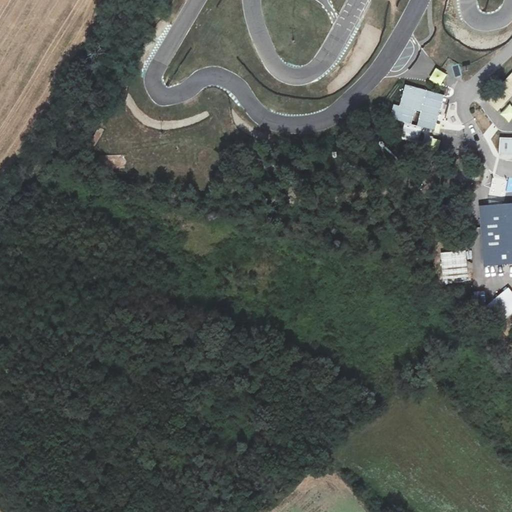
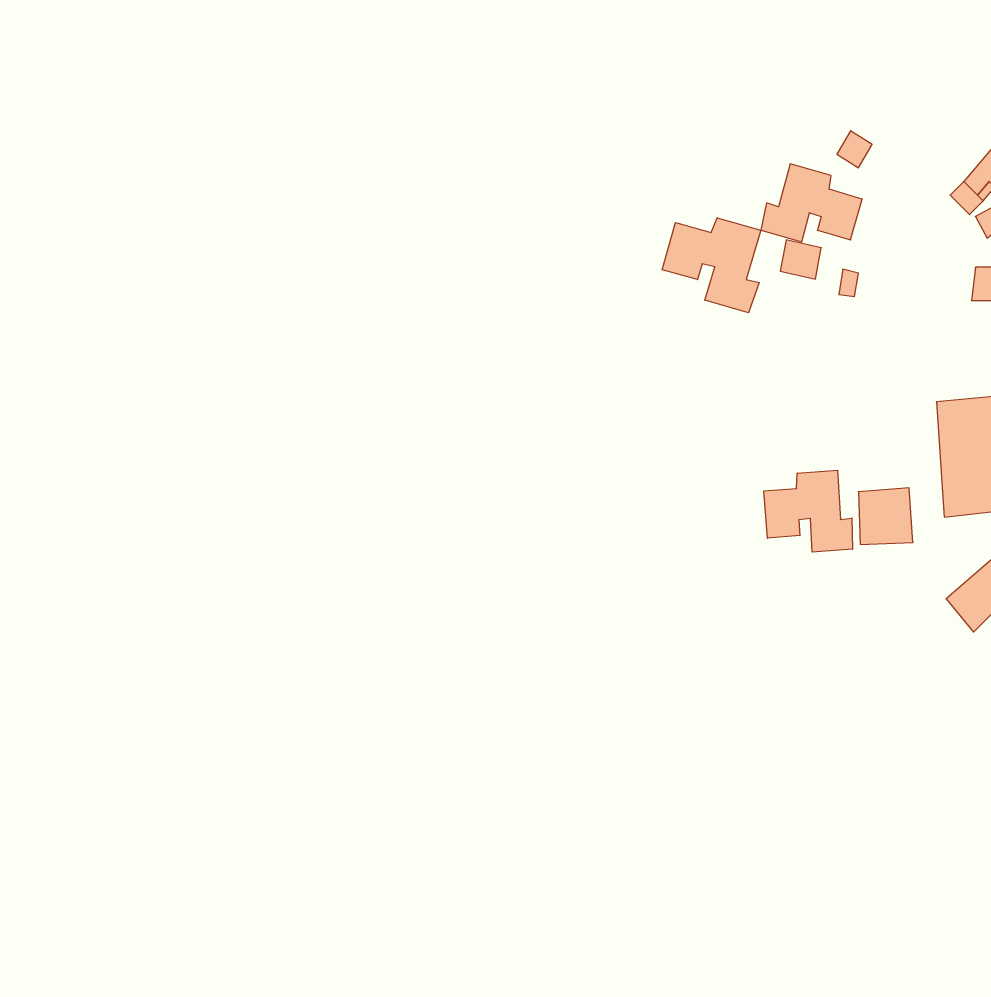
building: none -> [662,218,761,313]
building: none -> [764,470,852,552]

